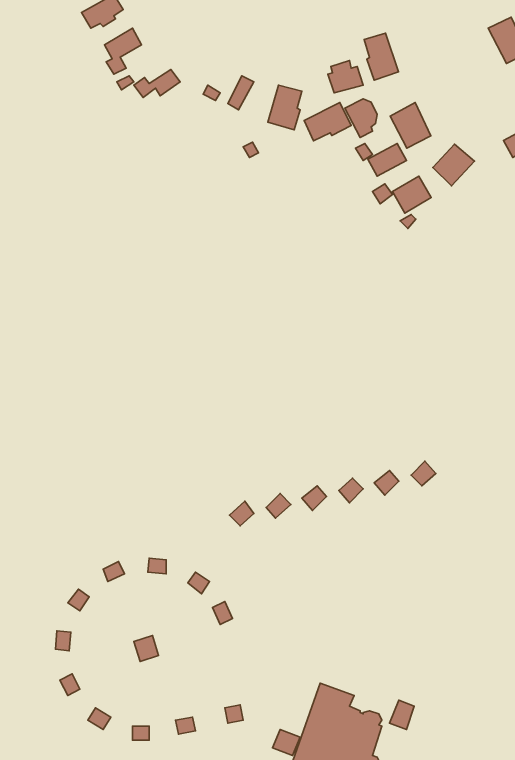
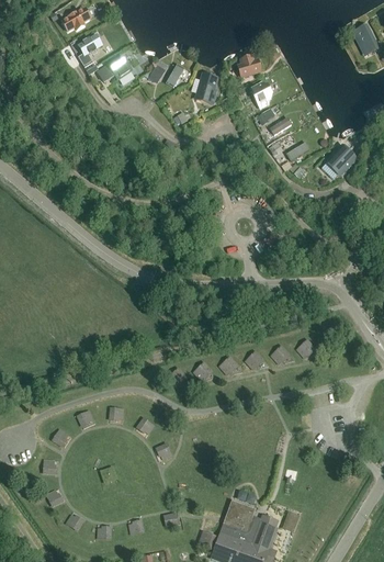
building: [364,33,398,80] -> none
building: [304,103,351,141] -> none
building: [390,103,431,148] -> none
building: [433,144,475,186] -> [326,145,355,175]

